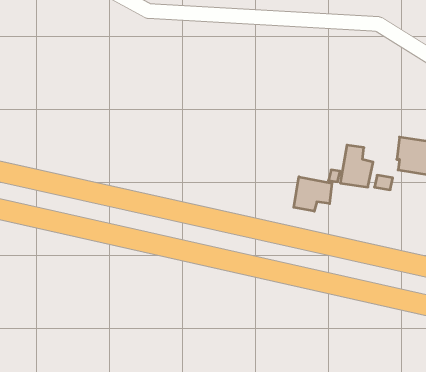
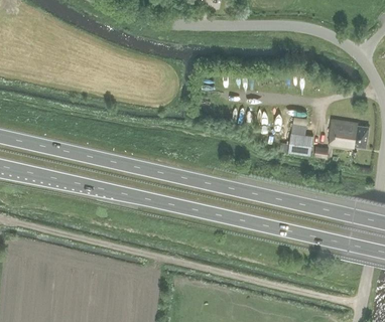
building: [294,177,332,211] -> none

